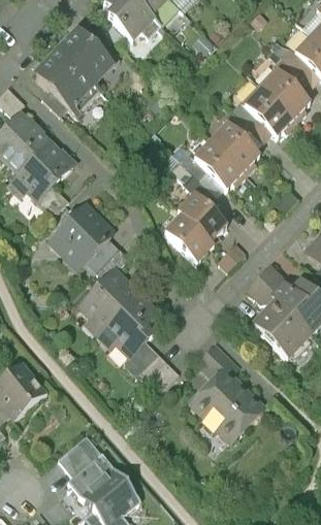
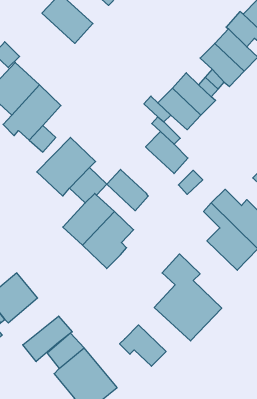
building: [29,52,91,111] -> none
building: [162,215,212,264] -> [107,169,148,211]
building: [123,340,179,390] -> [120,325,166,366]
building: none -> [23,316,72,362]

